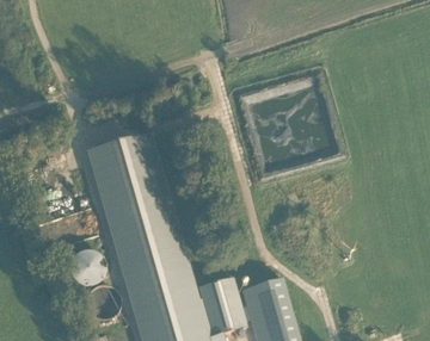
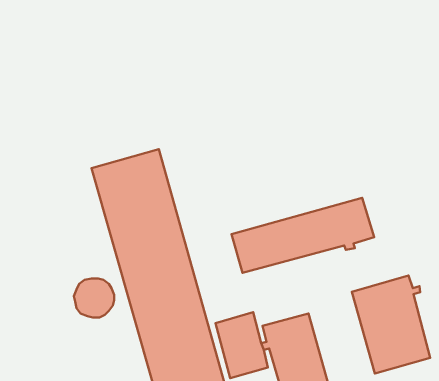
building: none -> [231,198,374,273]
building: none -> [352,275,430,373]

